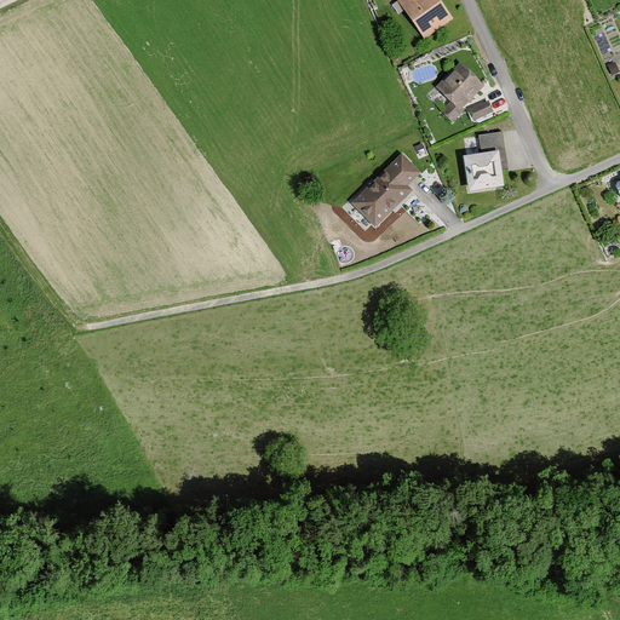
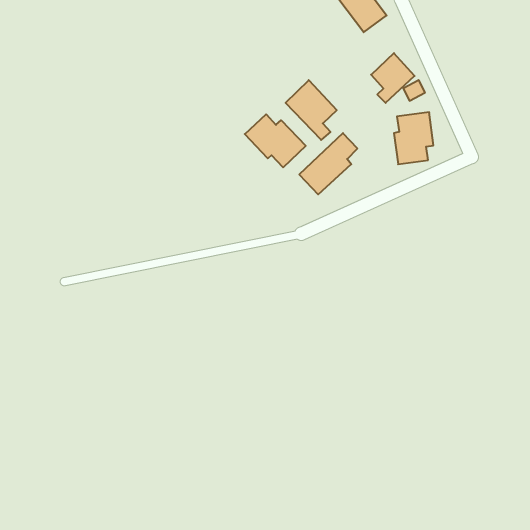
building: none -> [286,80,337,140]
building: none -> [245,114,306,167]

